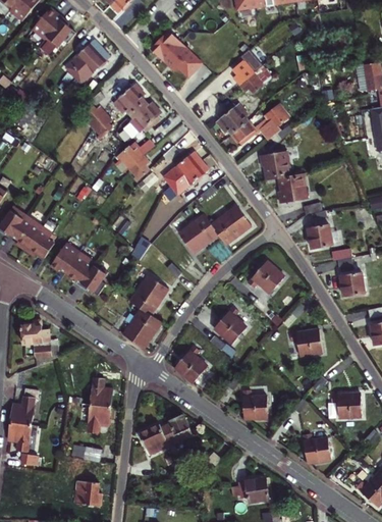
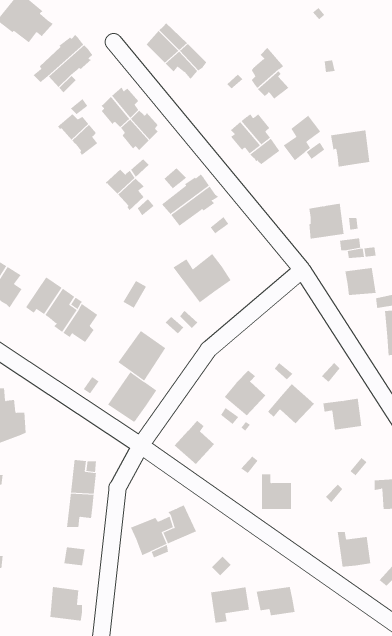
building: [260,151,291,180] -> [330,130,370,167]
building: [211,206,251,245] -> none
building: [247,261,284,294] -> [267,383,315,424]
building: none -> [211,587,249,623]

